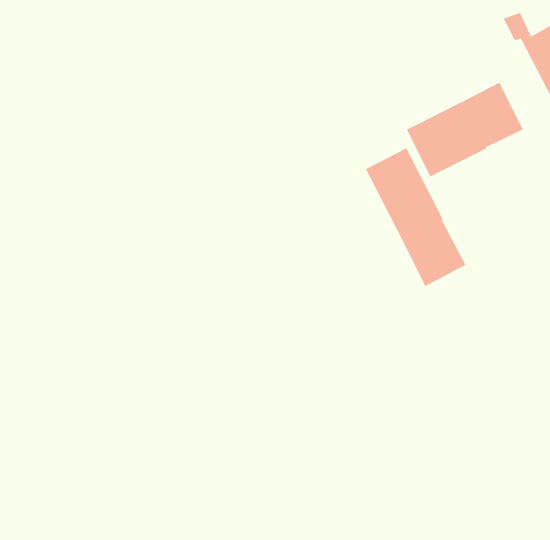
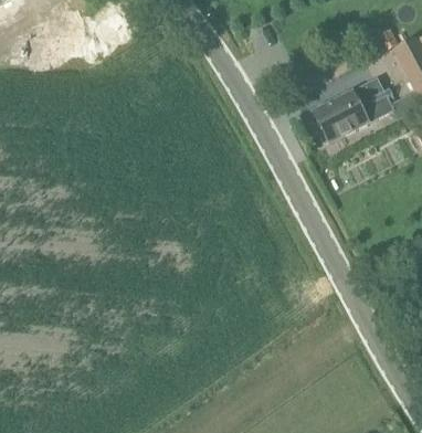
building: [365,147,466,287] -> none

